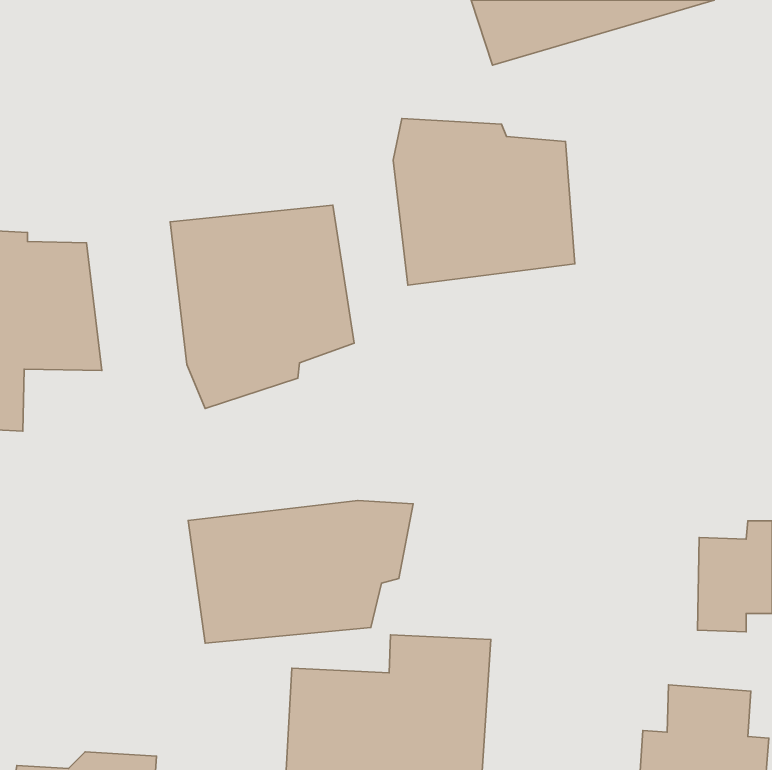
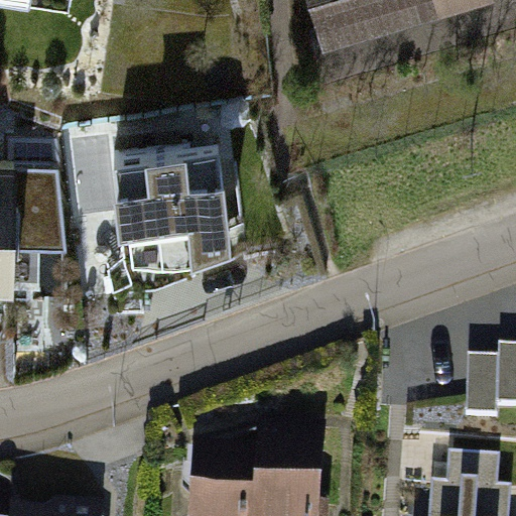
building: [393,119,575,285] -> none
building: [188,500,413,643] -> none

